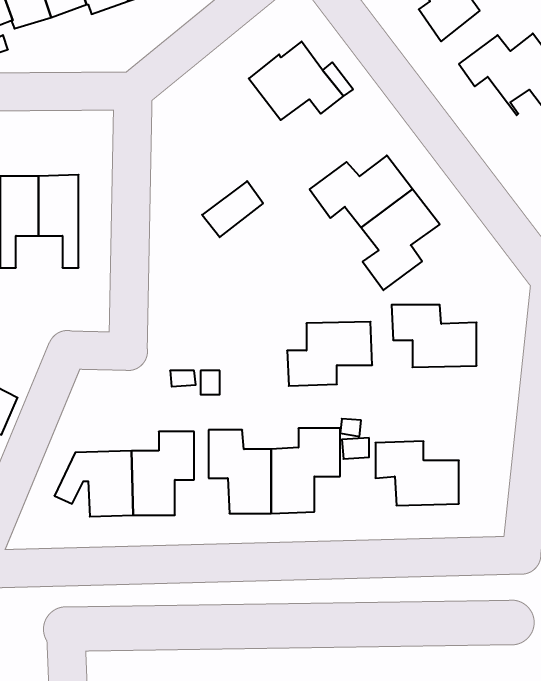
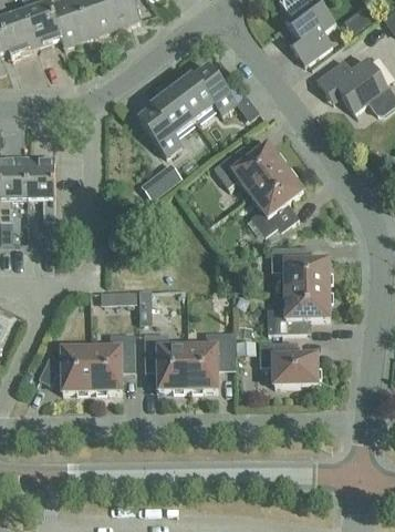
building: none -> [138,90,195,155]
building: [287,322,372,386] -> [272,288,331,332]

